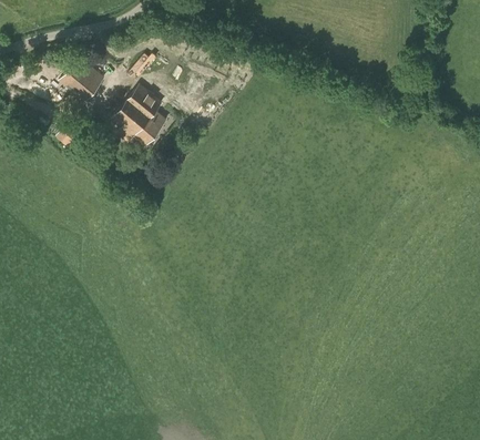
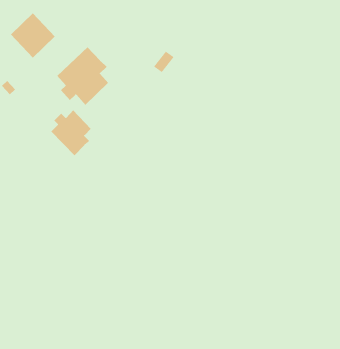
building: none -> [51,110,92,156]

